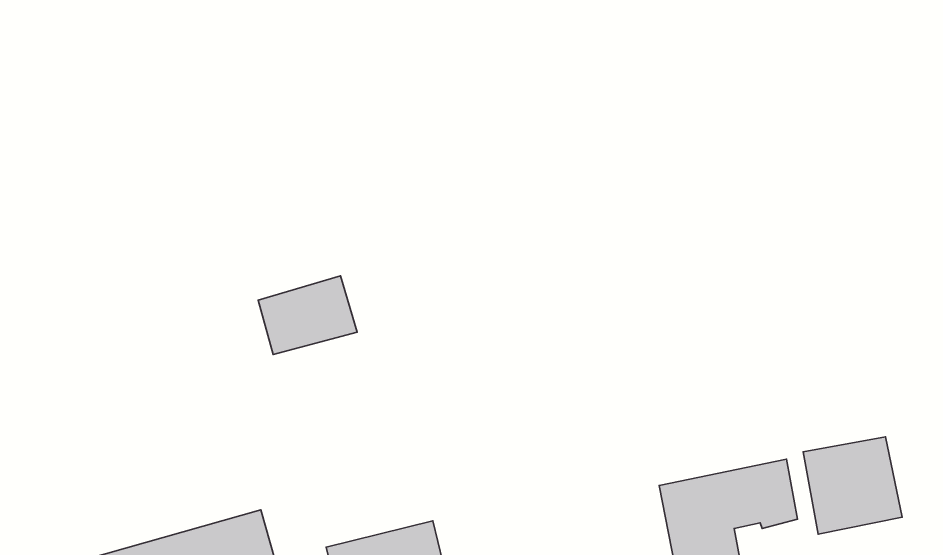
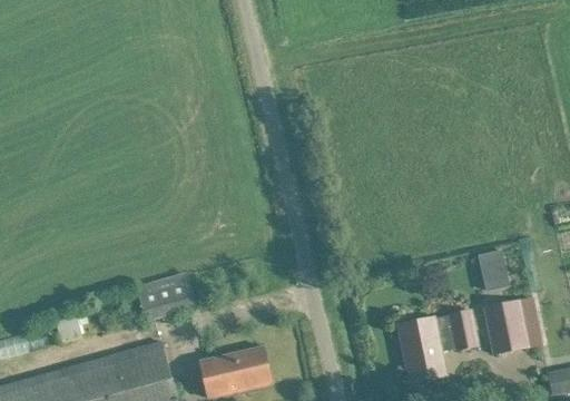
building: [258,276,357,355] -> [137,273,196,320]
building: none -> [478,252,509,293]

